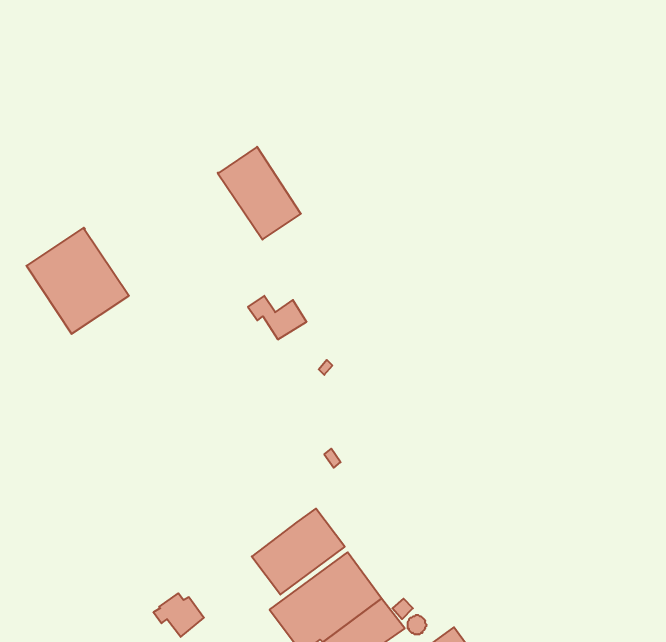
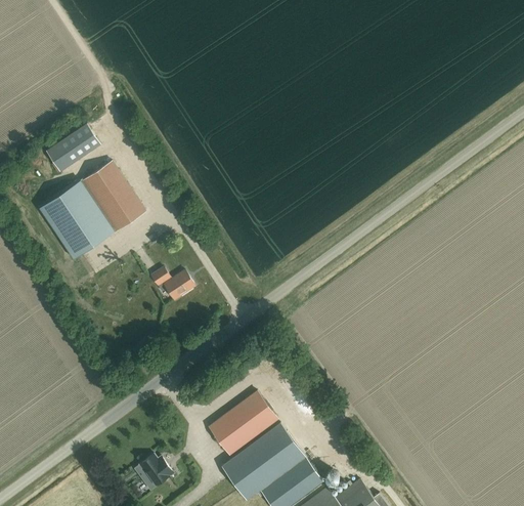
building: [218,147,301,240] -> [82,161,144,230]
building: none -> [45,124,99,171]
building: [248,296,307,339] -> [150,266,194,299]

